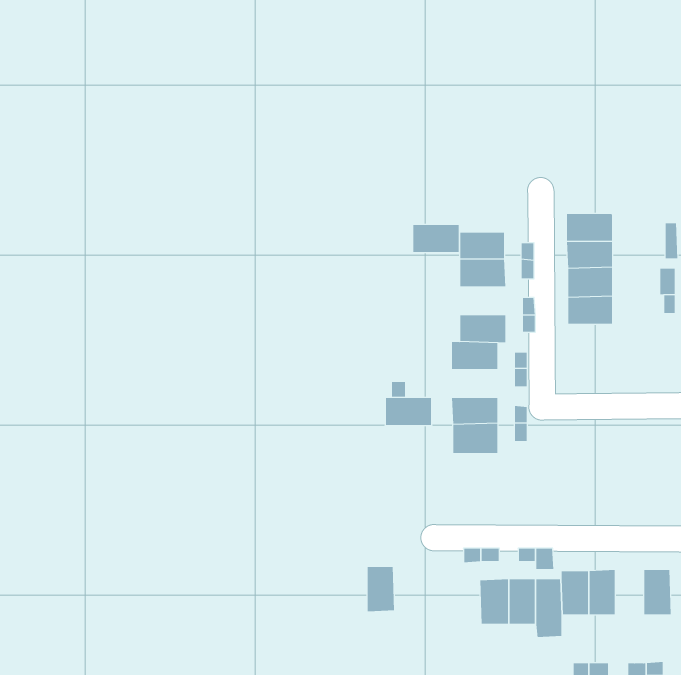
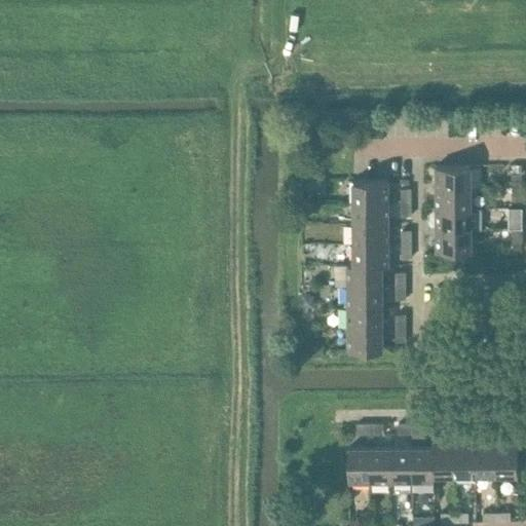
building: [413,224,459,252] -> [353,226,389,248]
building: [385,398,432,426] -> [347,290,383,311]
building: [367,566,395,612] -> [348,452,370,487]
building: none -> [474,444,495,479]

